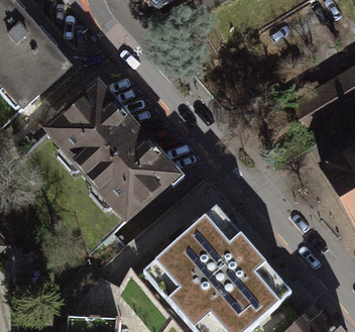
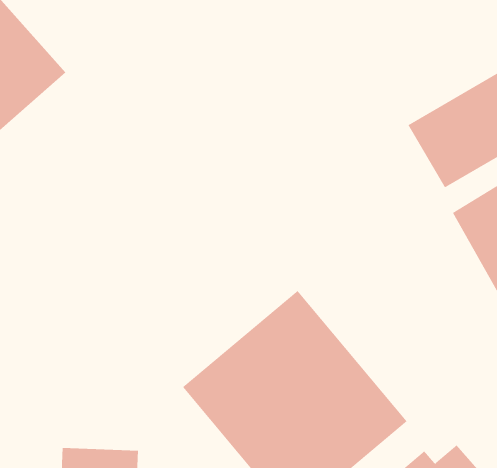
building: [48,85,174,215] -> none

